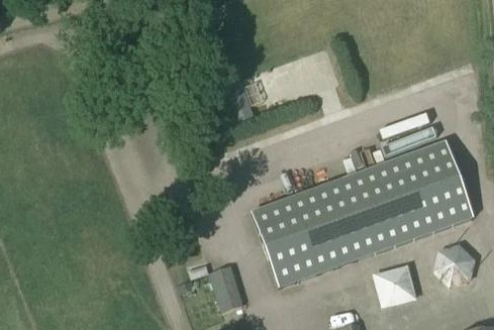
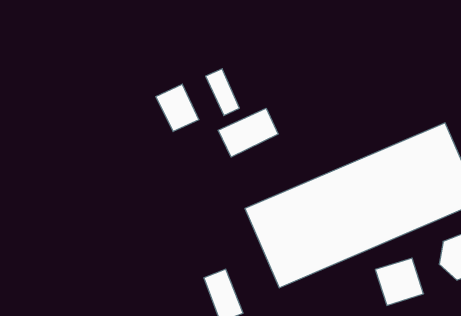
building: none -> [156,84,199,132]
building: none -> [218,108,278,157]

